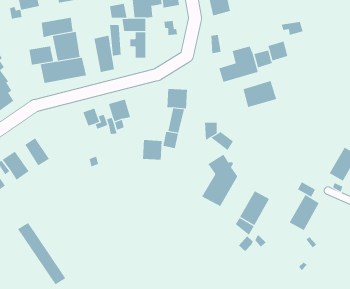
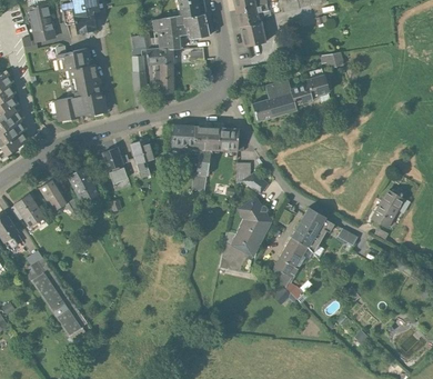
building: [94,35,115,73] -> none
building: [29,45,54,66] -> none
building: [243,80,277,108] -> none
building: none -> [216,128,240,151]
building: none -> [70,167,100,201]
building: [142,140,163,160] -> [173,126,195,148]
building: [289,194,320,231] -> [290,207,323,247]
building: none -> [24,251,87,327]

